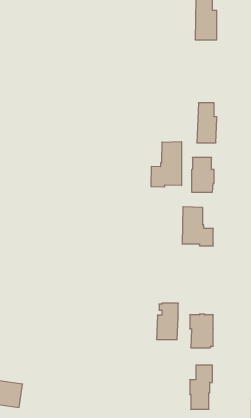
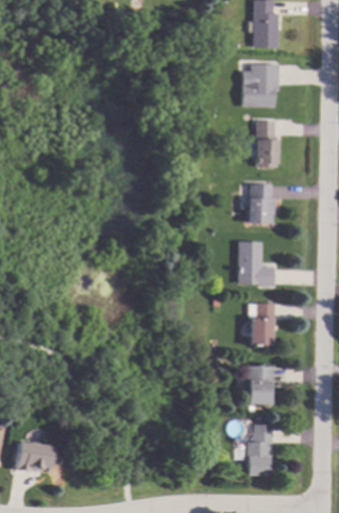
building: none -> [242,63,279,106]
building: [151,142,182,187] -> none
building: [157,303,178,340] -> [250,303,275,345]

